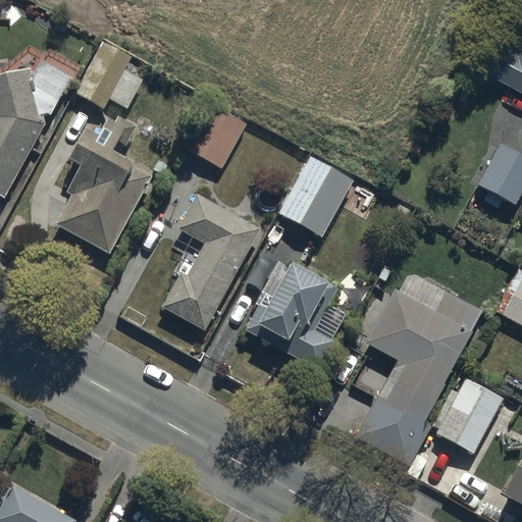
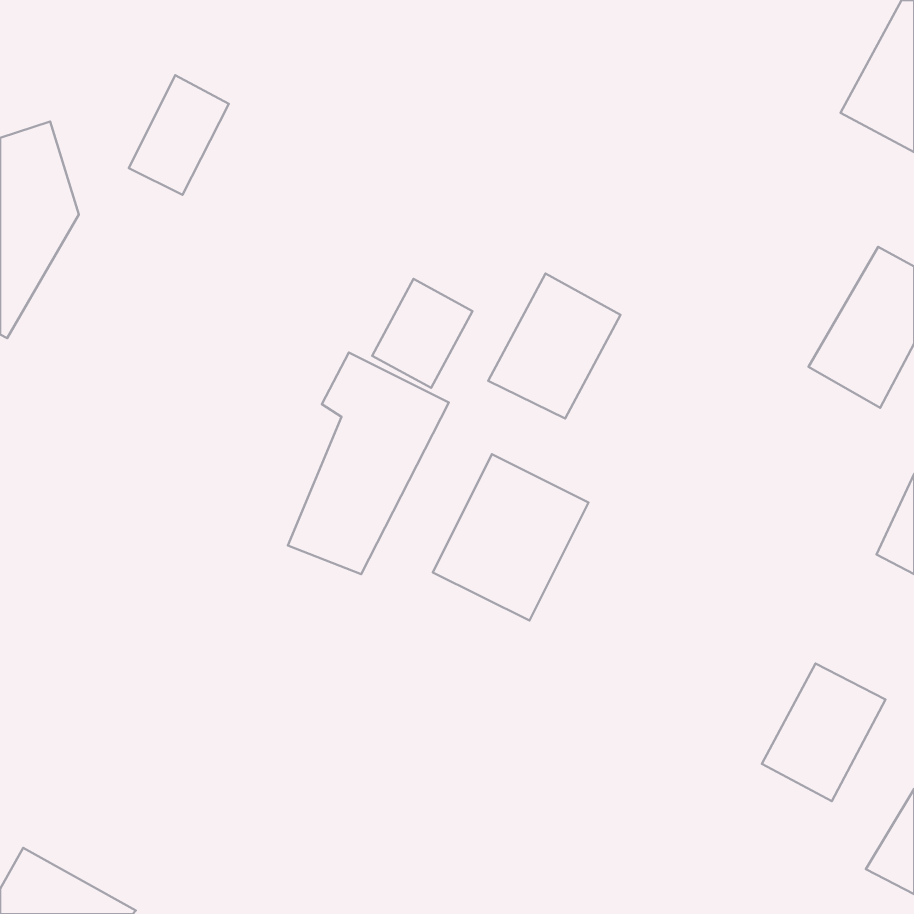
building: [189,108,246,170] -> [372,279,472,388]
building: [56,142,152,247] -> none
building: [366,280,486,462] -> none

